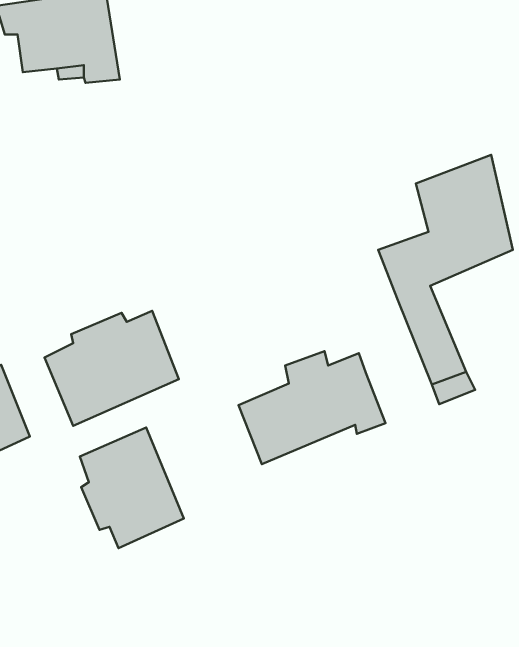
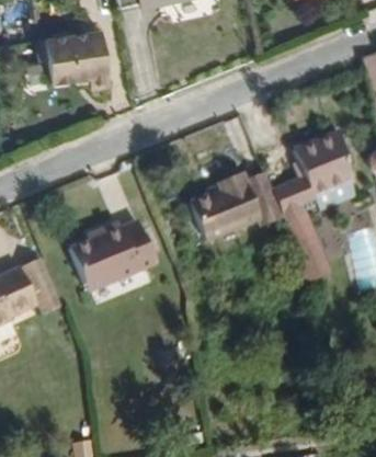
building: [238,351,386,464] -> [191,173,281,242]
building: [80,427,184,548] -> none

